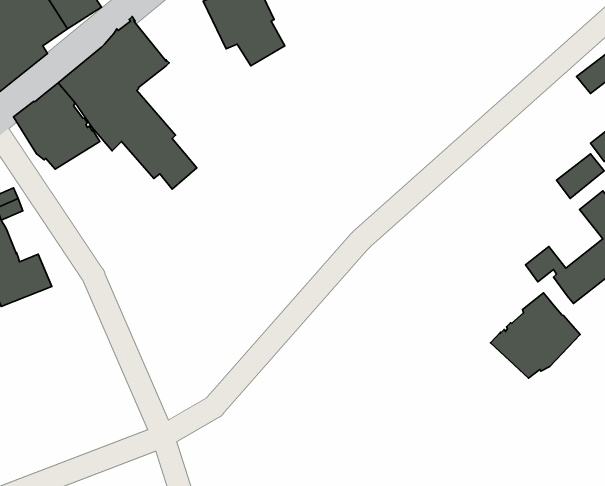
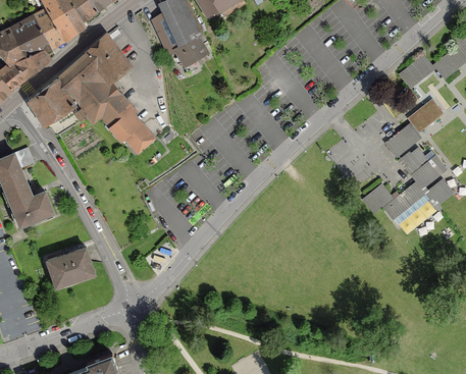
building: [491,293,580,378] -> none
building: none -> [46,248,94,287]

